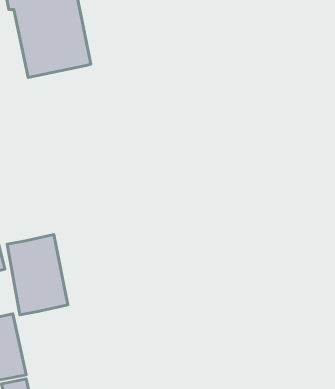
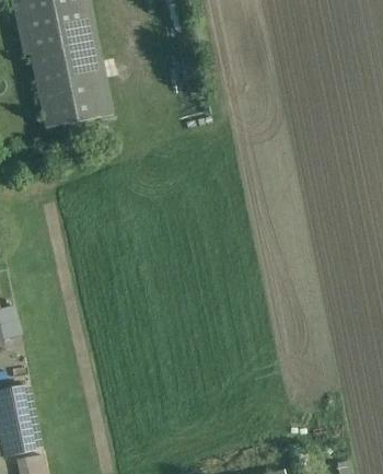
building: [7,235,68,315] -> none

